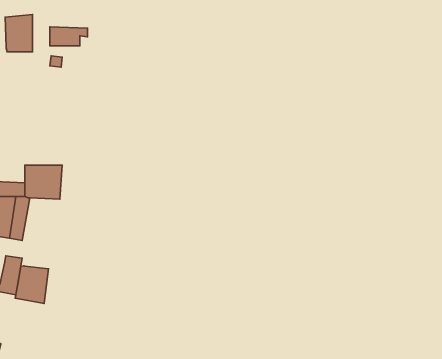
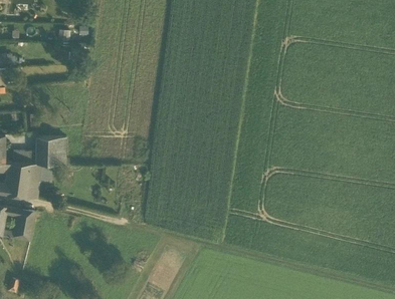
building: [5,15,33,52] -> none
building: [15,266,48,303] -> none

